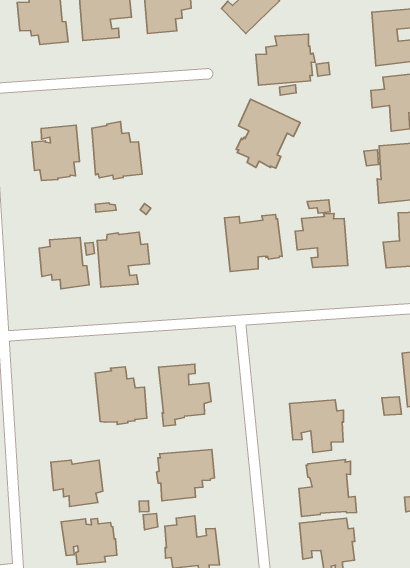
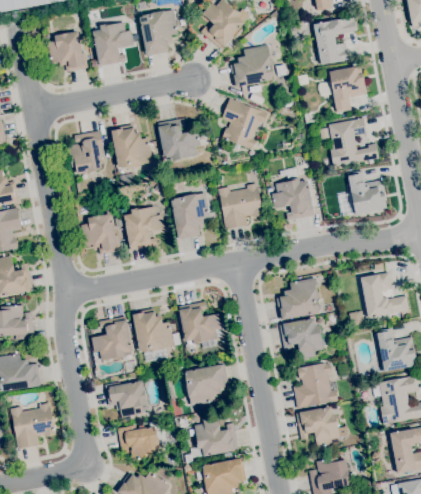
building: none -> [159,118,201,161]
building: none -> [171,193,210,239]
building: none -> [277,278,321,320]
building: none -> [91,316,132,360]

